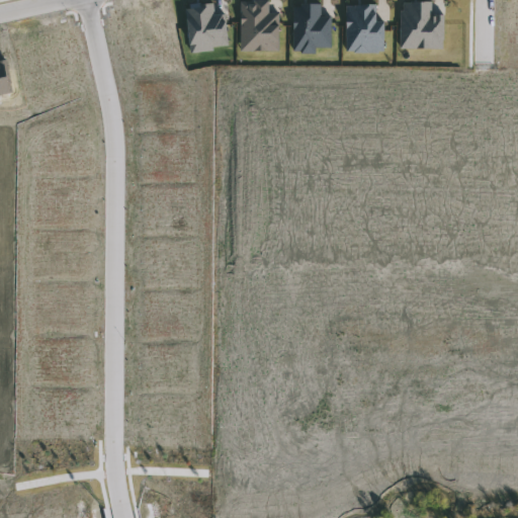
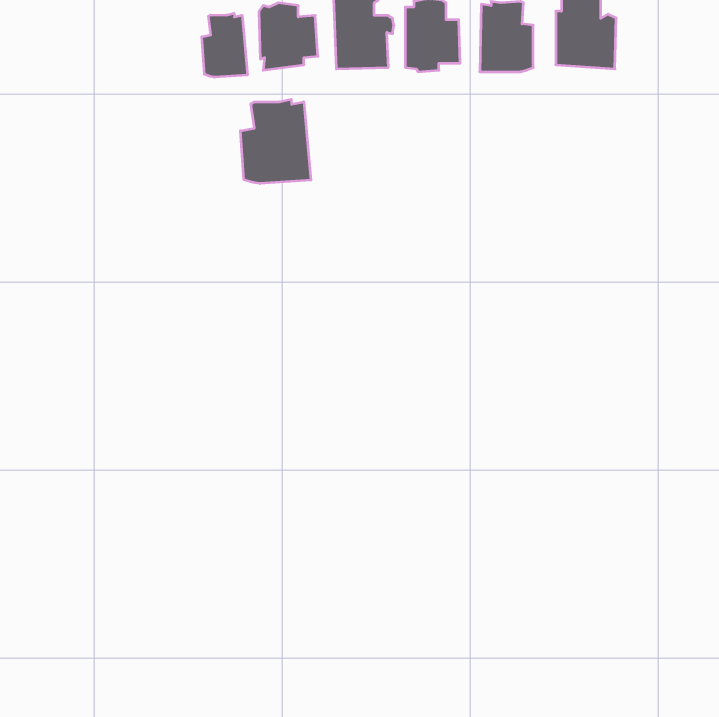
building: none -> [202,13,247,77]
building: none -> [240,99,311,184]

